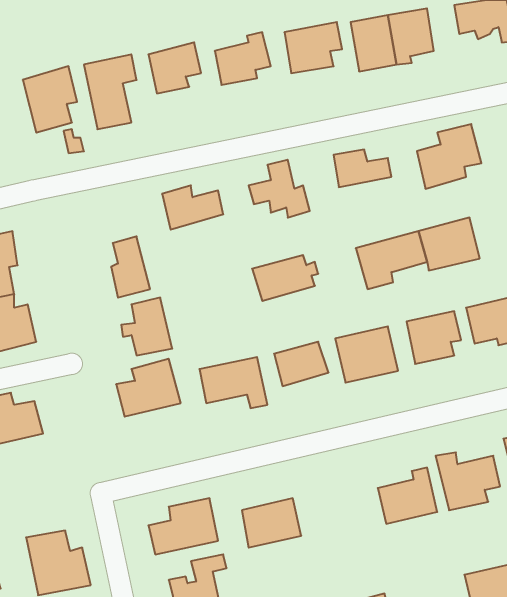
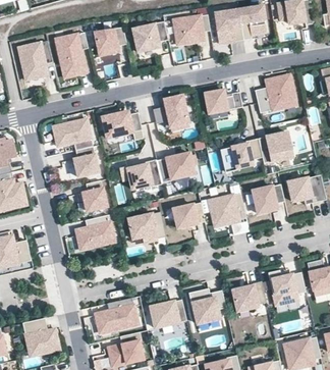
building: none -> [46,120,88,151]
building: none -> [116,156,163,189]
building: none -> [190,288,224,325]

